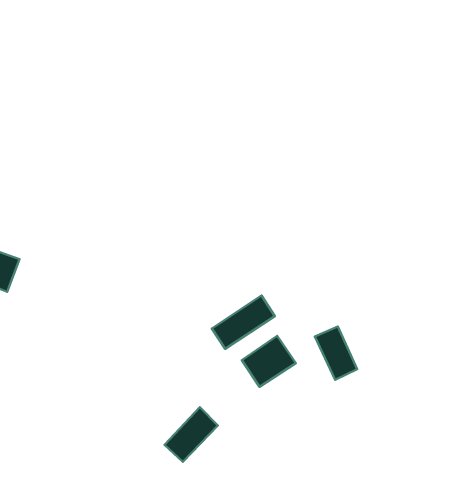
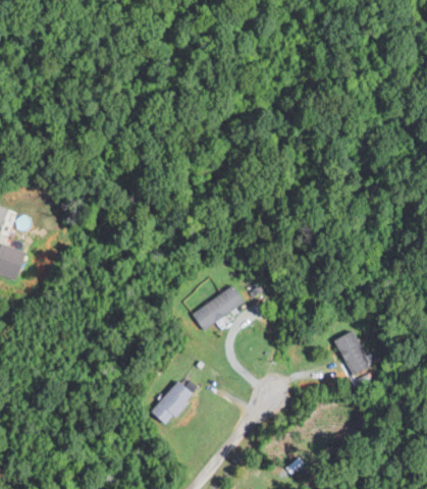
building: [315,327,357,380] -> [331,332,367,377]
building: [242,336,296,387] -> none

